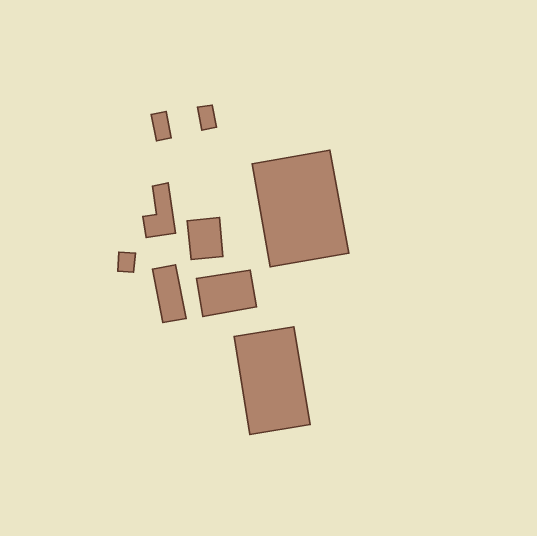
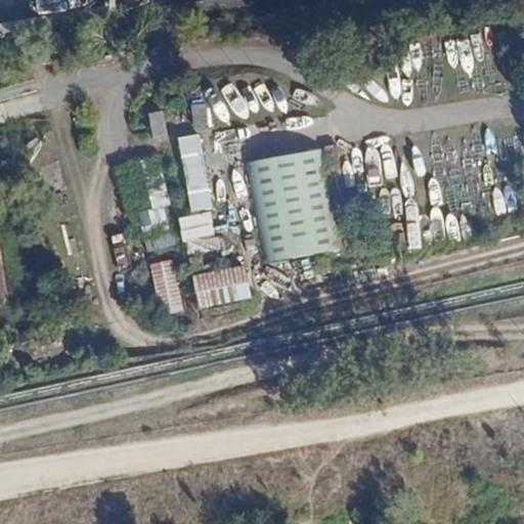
building: none -> [177,132,212,210]
building: [234,327,310,435] -> none

